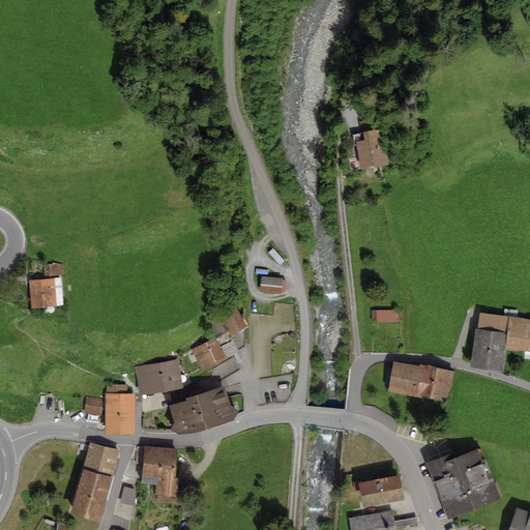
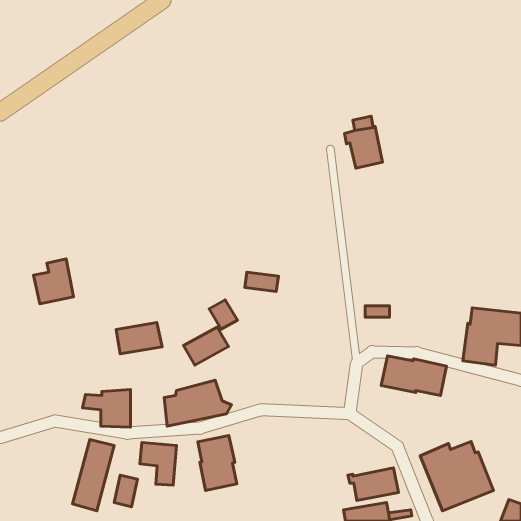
building: [135,361,181,393] -> [116,322,162,354]
building: none -> [198,435,237,490]

